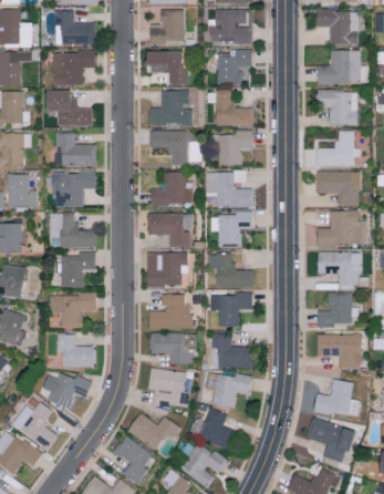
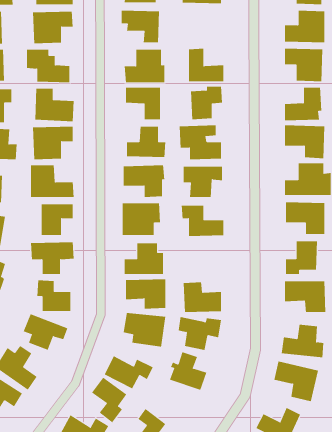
building: [219,49,251,81] -> none
building: [211,294,252,326] -> none
building: [180,442,227,488] -> none

